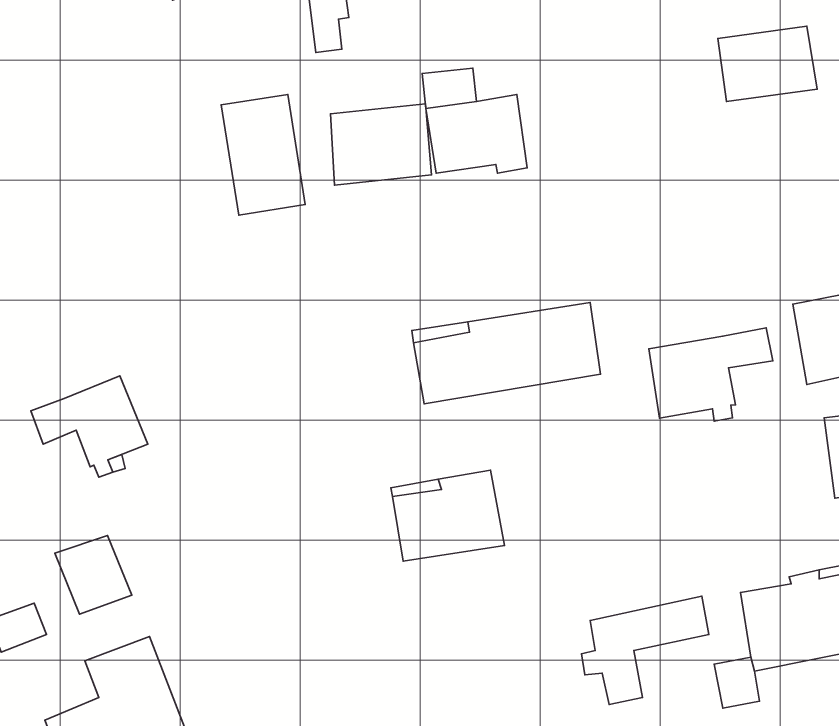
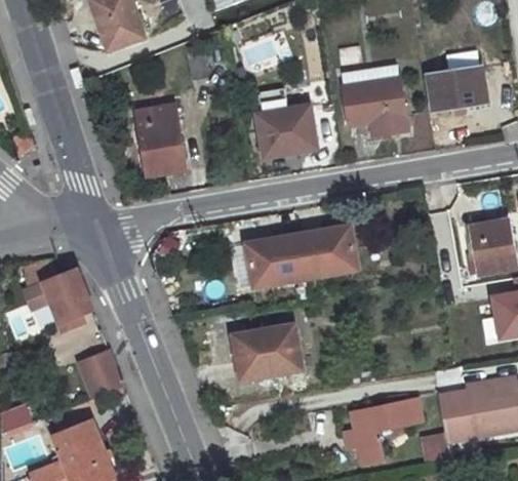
building: none -> [342,64,408,133]
building: [330,104,431,185] -> none
building: [649,328,773,421] -> none
building: [55,536,132,614] -> [79,353,124,399]

